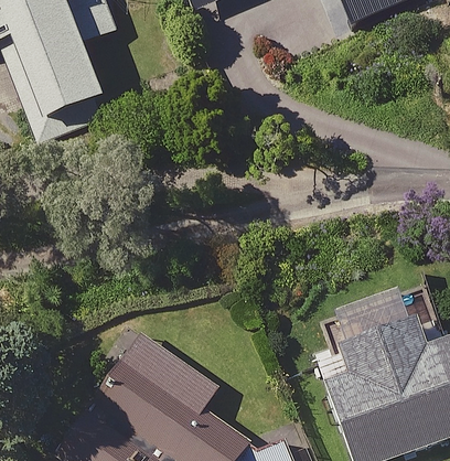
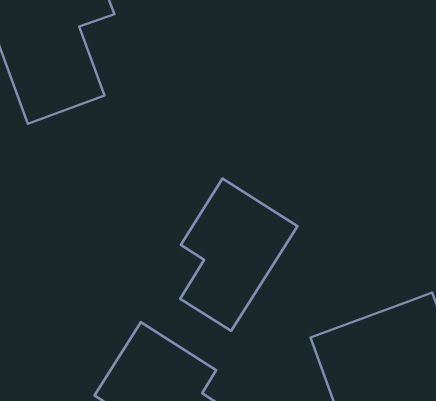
building: none -> [180,178,297,331]

